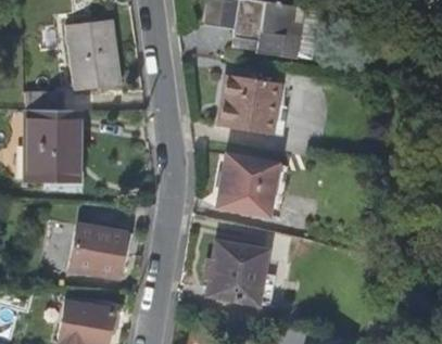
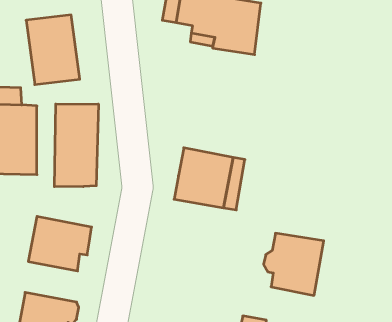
building: [218,75,278,135] -> none
building: none -> [54,104,98,187]
building: [205,242,266,305] -> [264,233,324,295]

